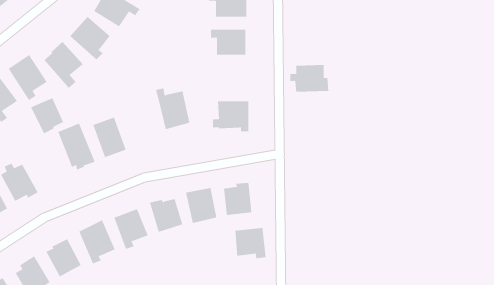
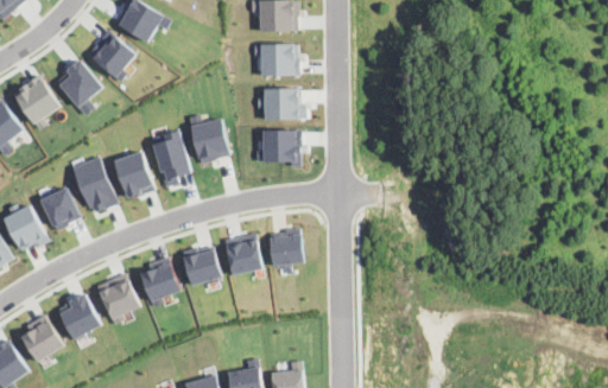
building: [289,64,329,92] -> [256,88,304,121]
building: [30,97,64,134] -> [39,187,80,231]
building: none -> [150,129,190,187]
building: [235,227,266,259] -> none

